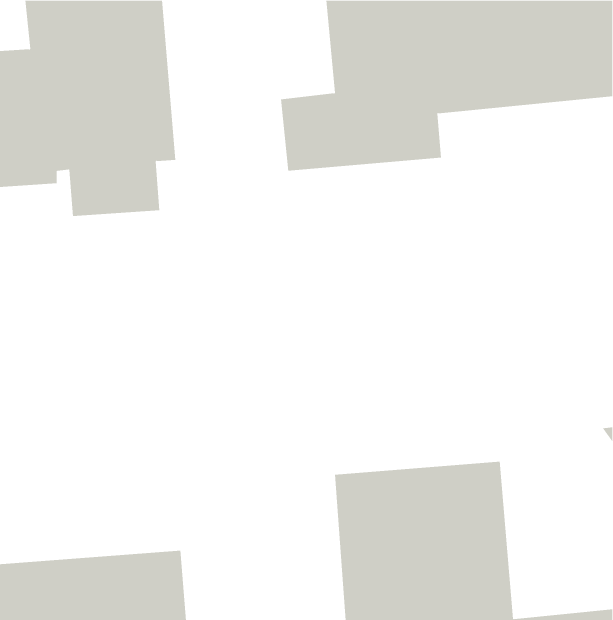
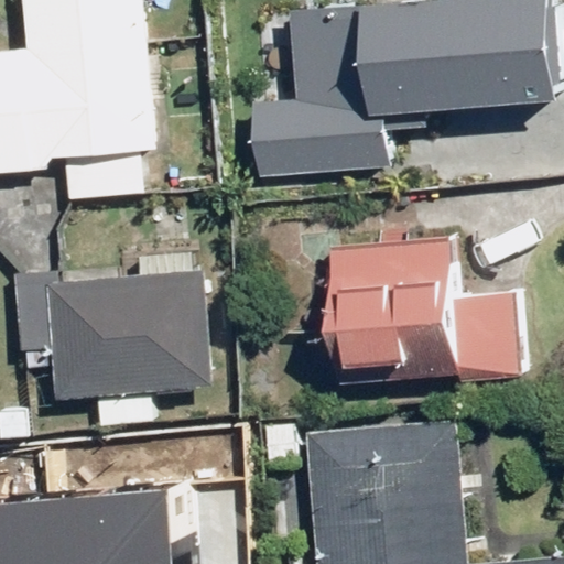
building: none -> [326,237,522,382]
building: none -> [11,270,216,401]

